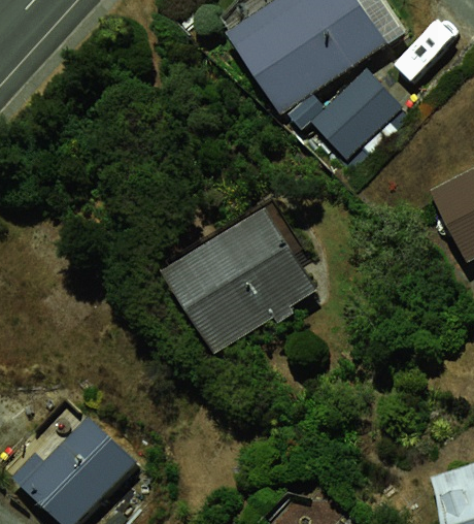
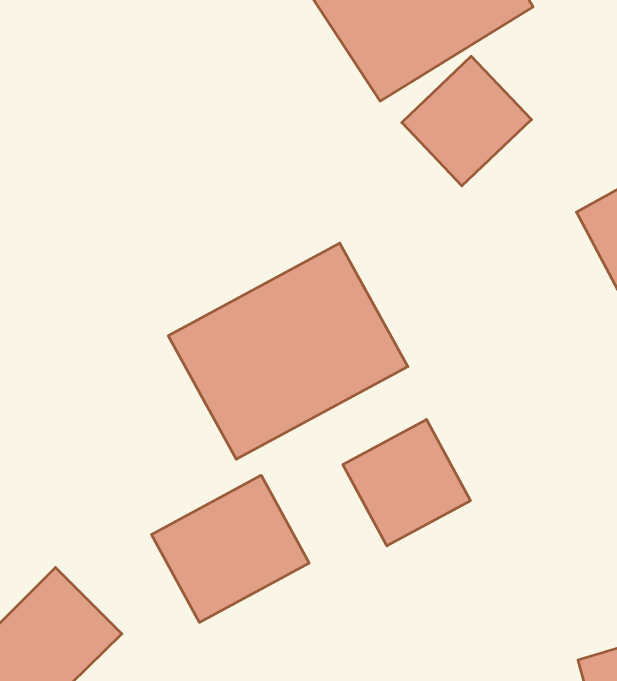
building: none -> [343,419,470,546]
building: none -> [152,475,309,622]

